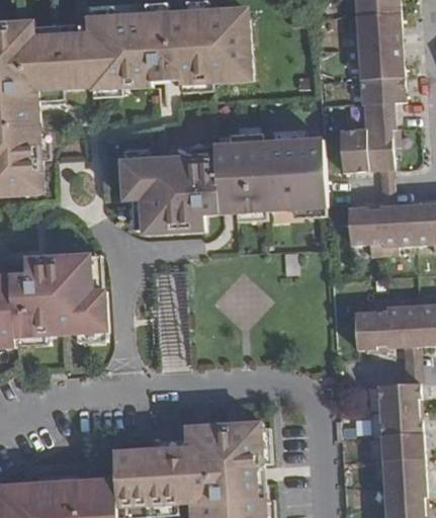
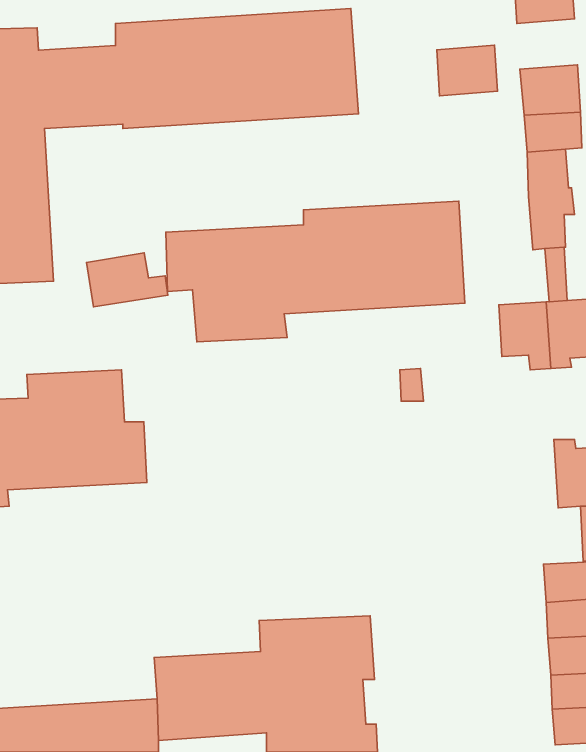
building: [359,13,401,48] -> [437,45,497,96]
building: [339,135,370,172] -> none
building: none -> [86,253,168,307]
building: [353,300,387,349] -> none

